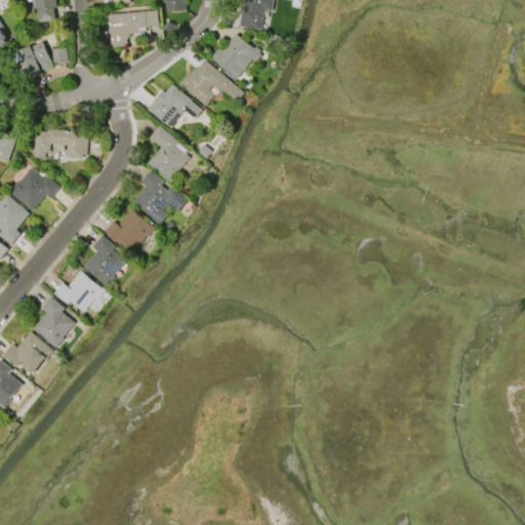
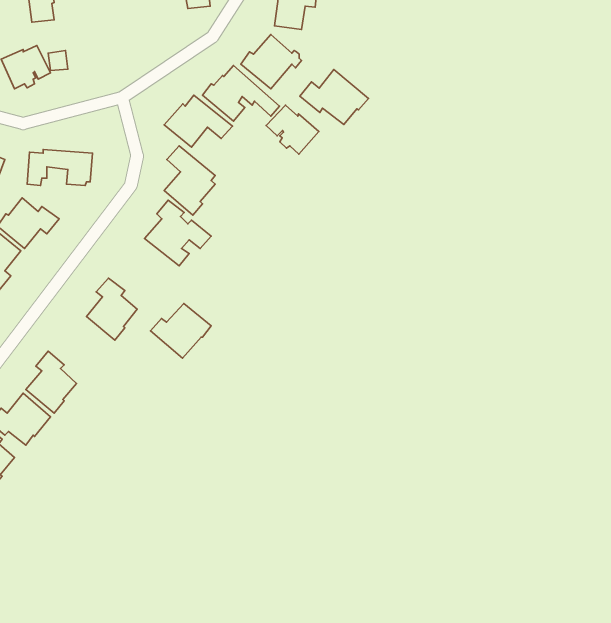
building: [108,11,158,48] -> none
building: none -> [300,69,368,125]
building: none -> [266,105,319,154]
building: [105,209,155,254] -> [150,304,211,358]
building: [54,271,105,312] -> none

